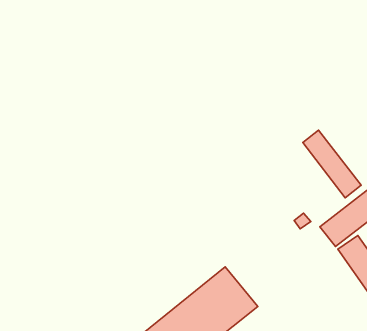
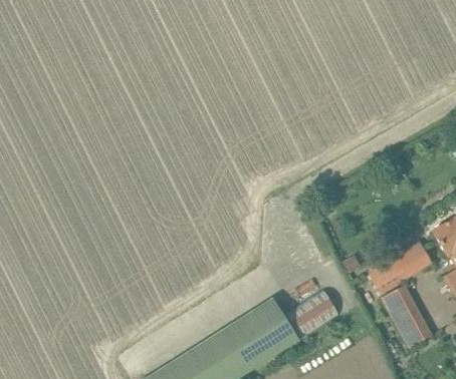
building: [303,130,361,198] -> none
building: none -> [287,289,338,336]

